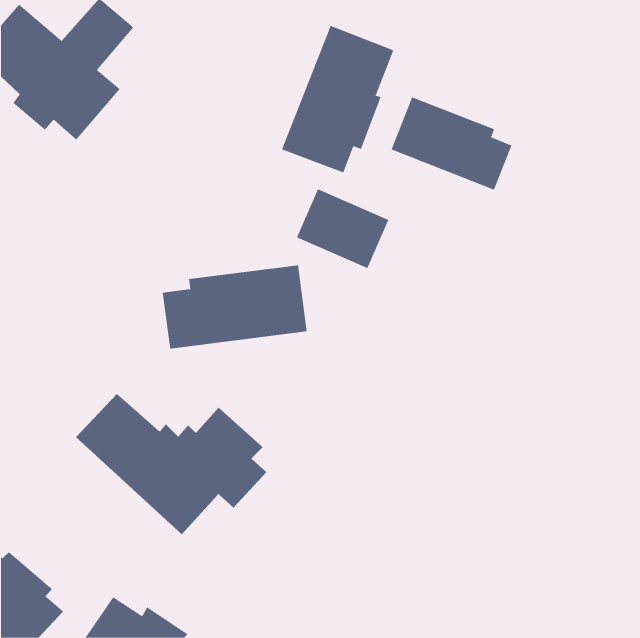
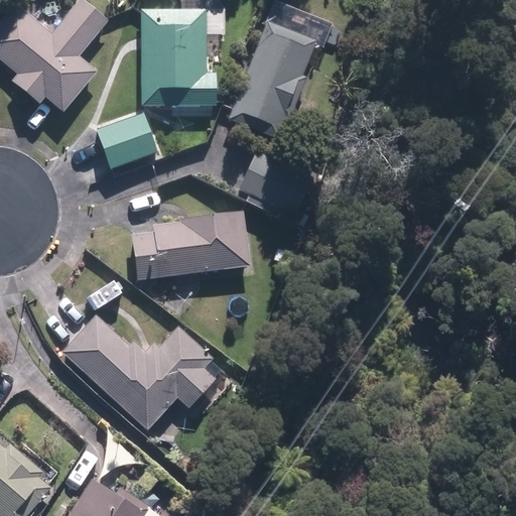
building: none -> [139,8,218,106]
building: [391,96,512,190] -> none
building: none -> [95,113,158,170]

